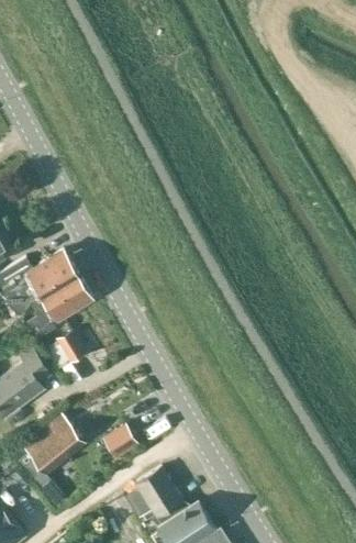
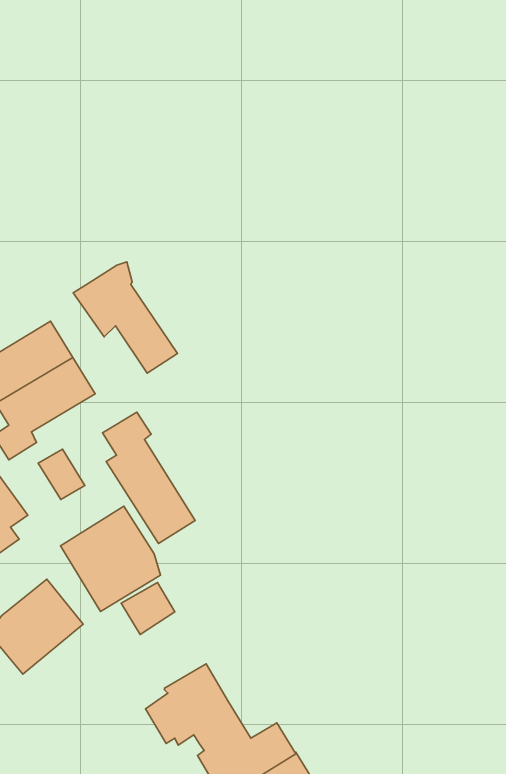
building: none -> [73,262,177,373]
building: none -> [102,412,195,544]
building: none -> [60,506,160,611]

